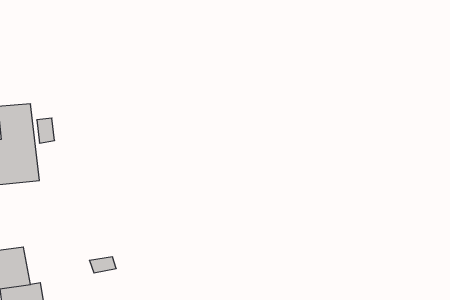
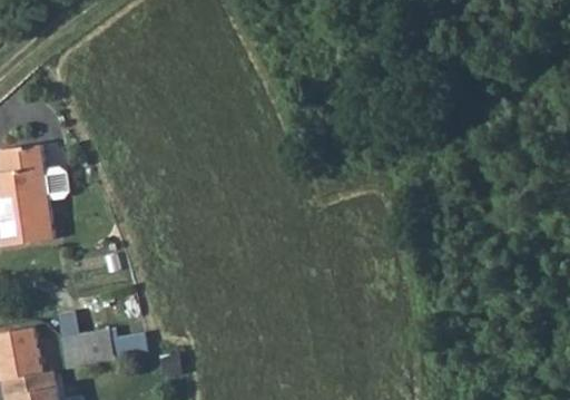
building: none -> [61,330,112,367]

